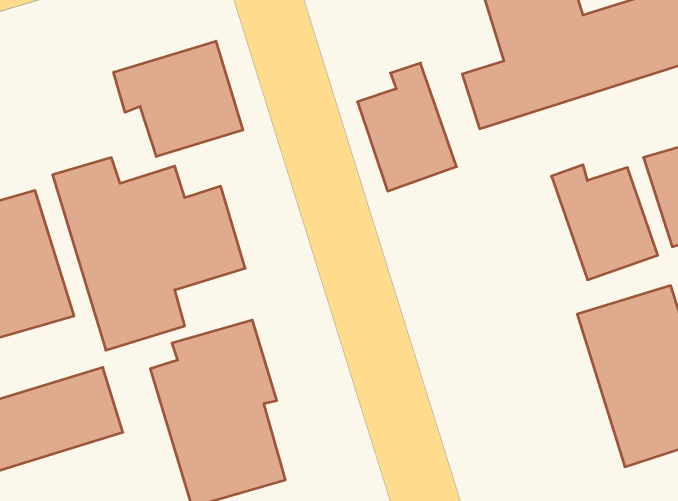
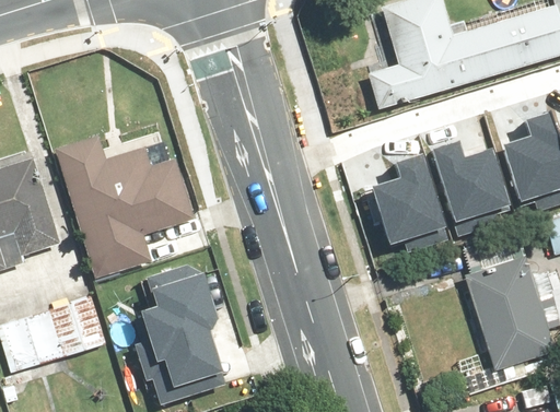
building: [114,41,243,157] -> none
building: [357,63,457,191] -> [371,152,446,249]

